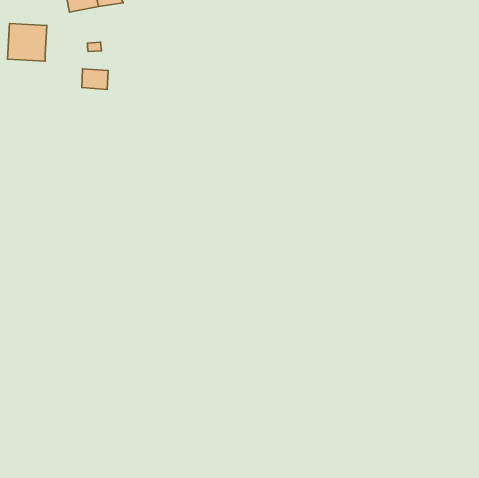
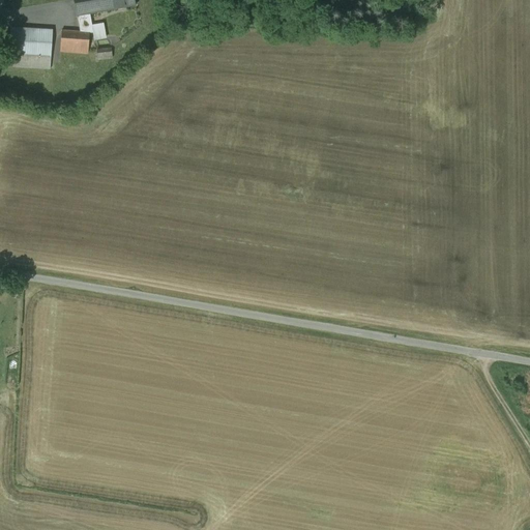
building: [82,69,108,89] -> [61,28,90,51]

